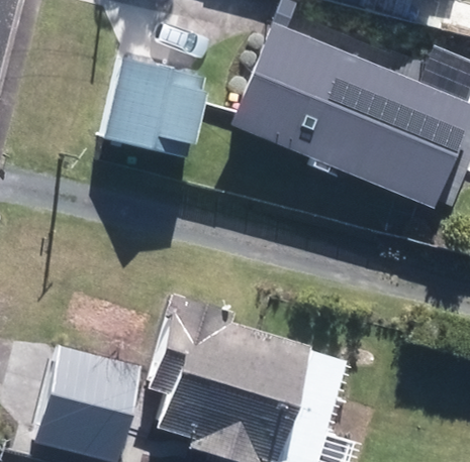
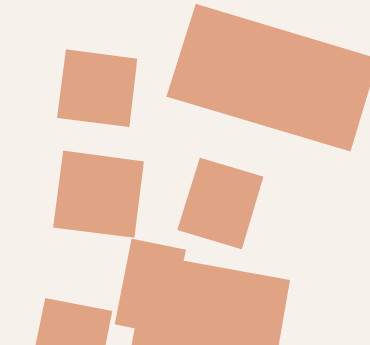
building: none -> [53,150,145,238]
building: none -> [177,157,264,250]

